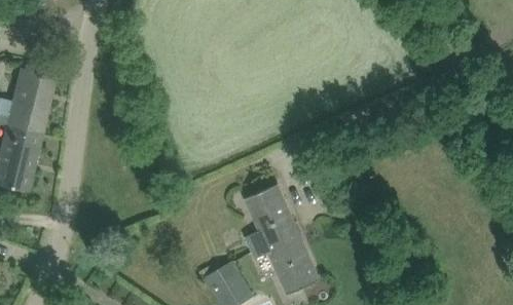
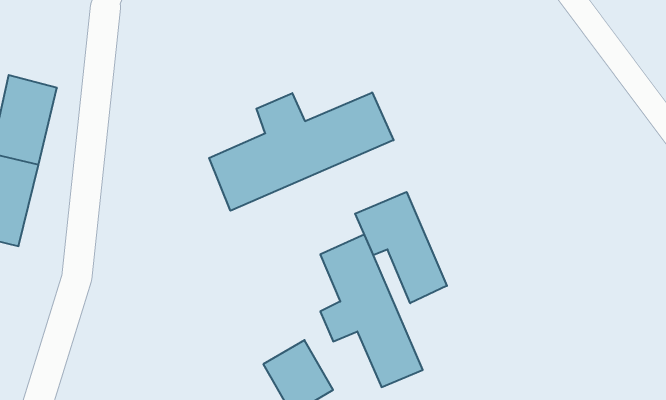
building: none -> [209,92,394,211]
building: none -> [355,192,447,303]

